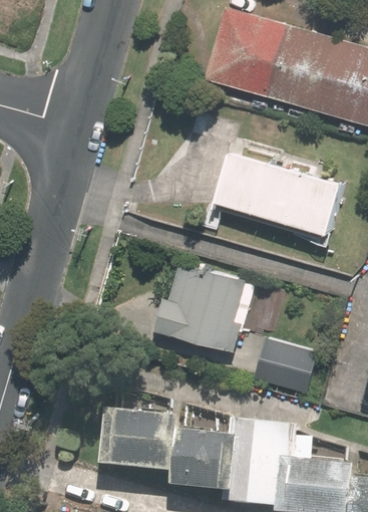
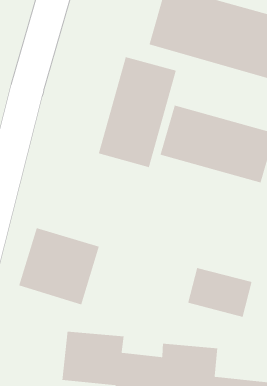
building: none -> [98,56,177,168]
building: [159,260,255,351] -> [18,227,100,306]

